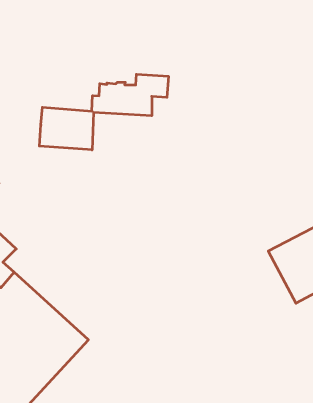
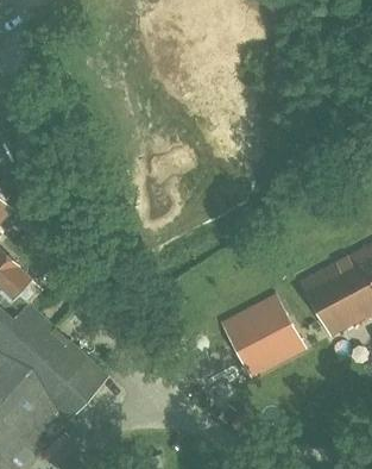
building: [39,74,168,150] -> none
building: none -> [221,295,304,379]

